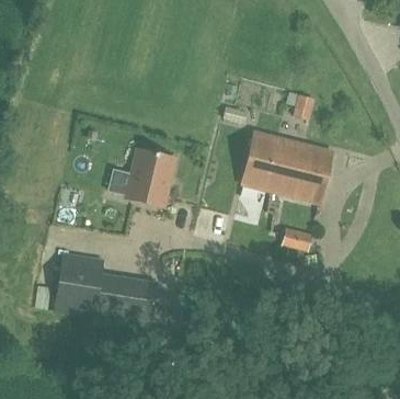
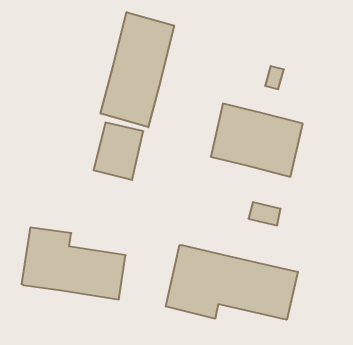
building: none -> [101,12,174,127]
building: none -> [166,245,298,320]

